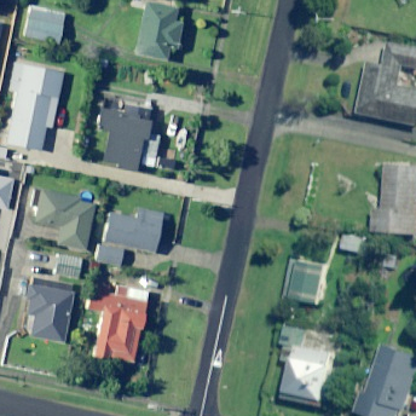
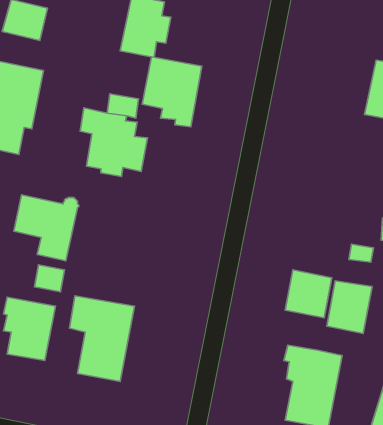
building: none -> [142,57,202,127]
building: [98,209,161,266] -> none
building: none -> [327,281,372,333]

